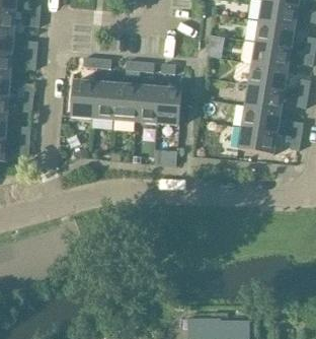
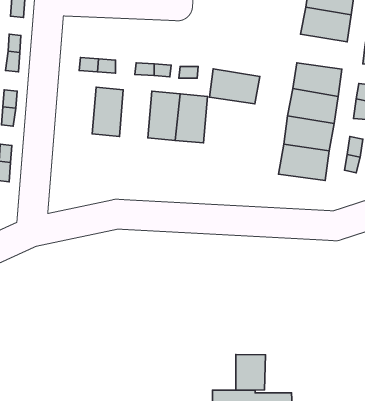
building: [252,39,292,66] -> [209,69,260,104]
building: [71,78,95,117] -> none
building: [113,82,139,120] -> none
building: none -> [236,354,266,390]

